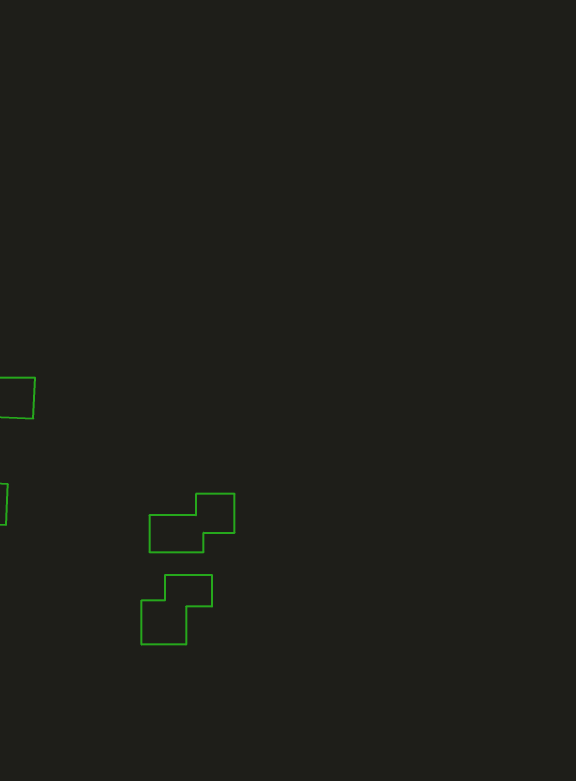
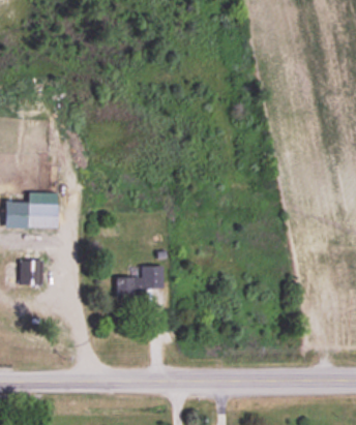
building: [142,575,212,645] -> none

